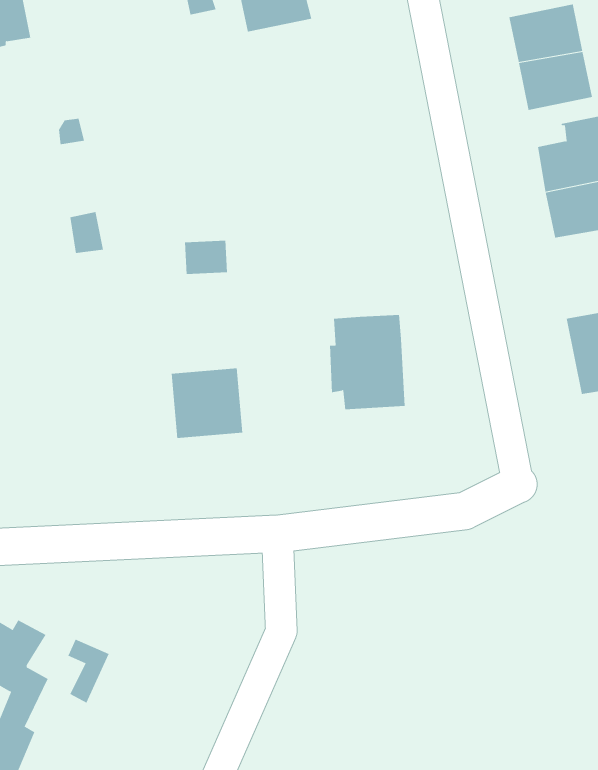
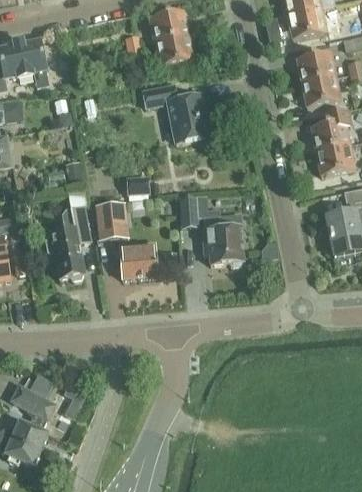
building: none -> [143,84,209,142]
building: none -> [49,190,89,278]
building: none -> [179,193,208,226]
building: none -> [96,201,128,237]

